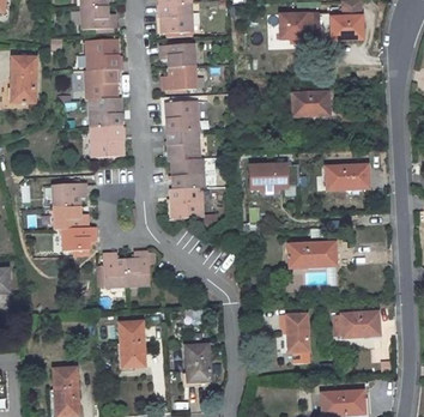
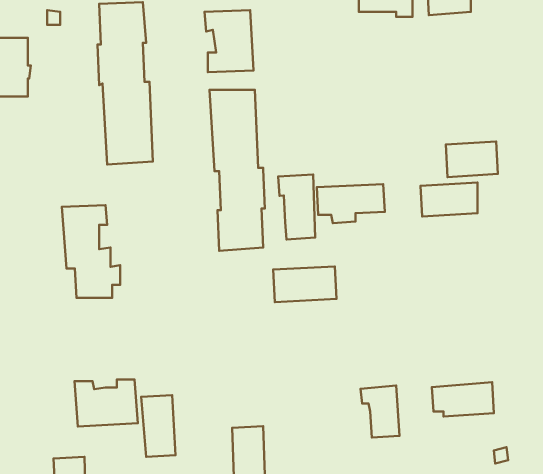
building: [291,91,329,117] -> [446,141,498,177]
building: none -> [278,175,315,239]
building: [287,242,334,268] -> [273,266,337,302]
building: [111,253,158,288] -> [75,379,138,427]

